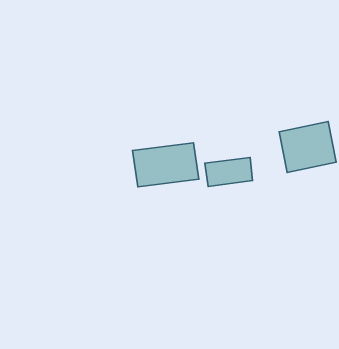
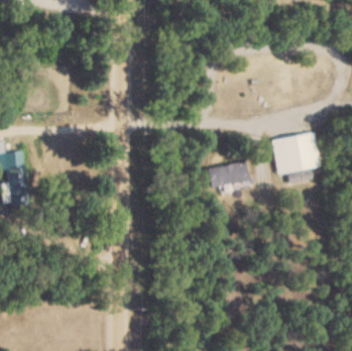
building: [133,143,199,187] -> none

